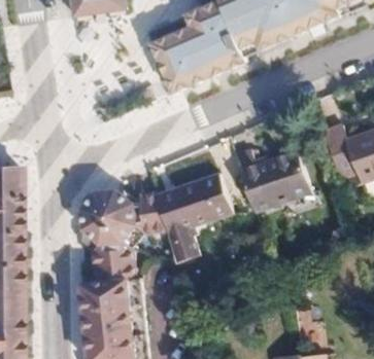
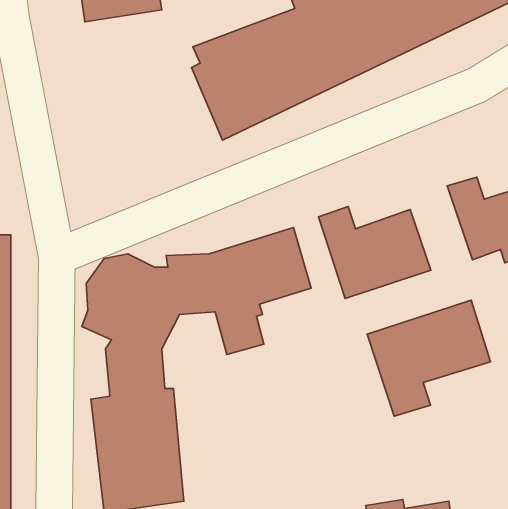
building: none -> [367,300,490,416]

